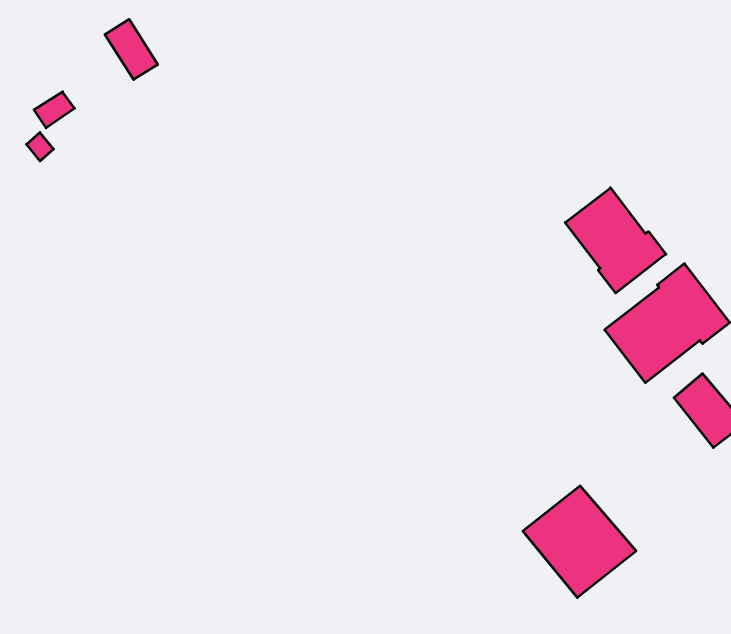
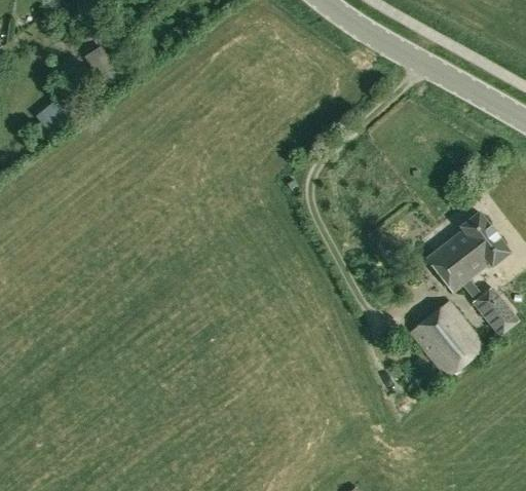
building: [565,188,666,293] -> none
building: [523,486,636,598] -> [409,301,486,377]

